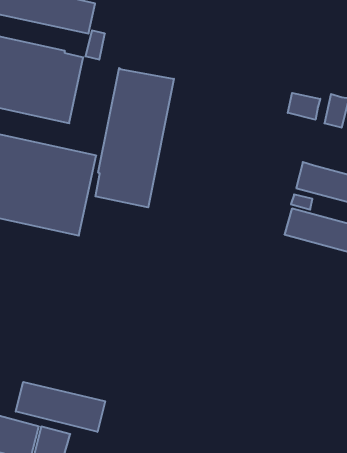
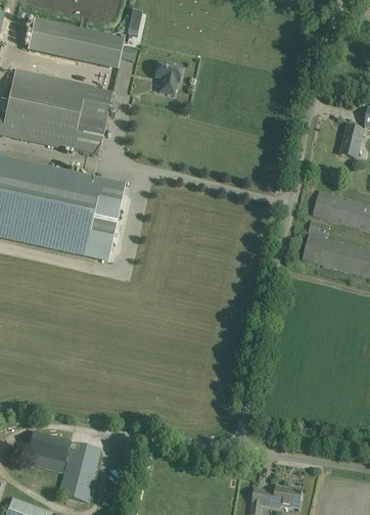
building: none -> [154,60,183,94]
building: [95,68,174,207] -> none
building: [288,93,320,120] -> none
building: [16,382,105,432] -> none

